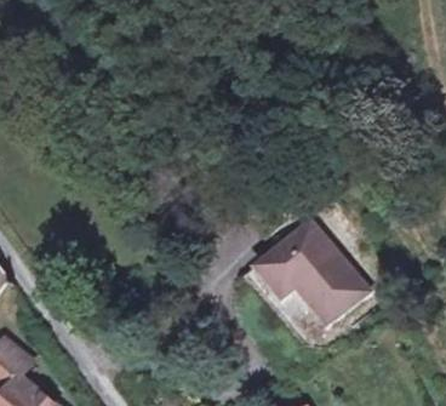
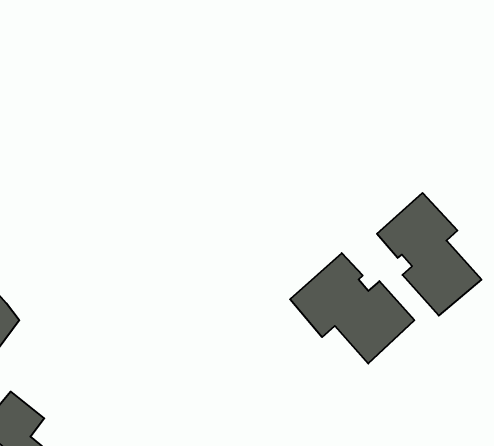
building: none -> [377,193,481,316]

